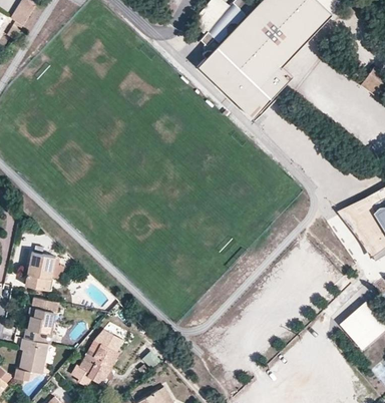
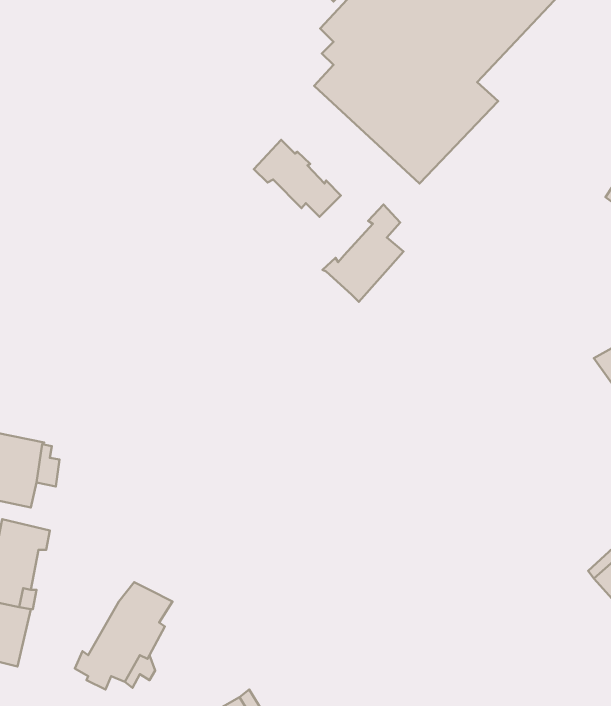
building: none -> [254,140,341,217]
building: none -> [323,205,404,302]

